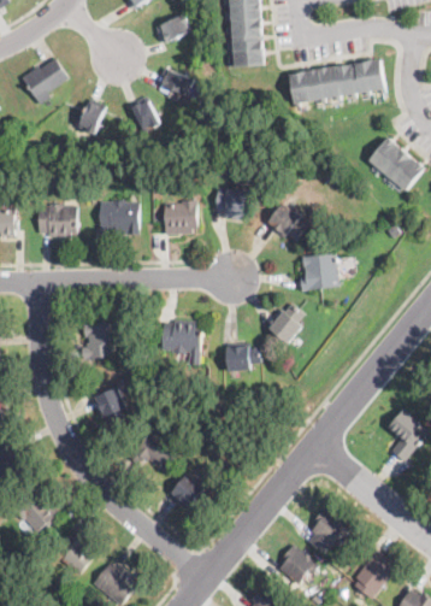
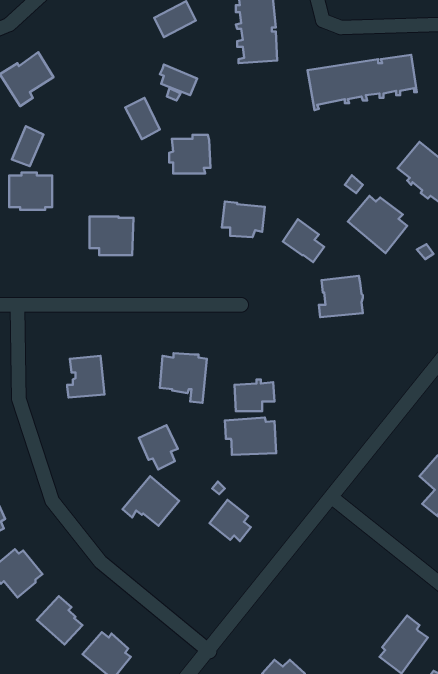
building: [77,100,105,135] -> [12,126,44,166]
building: none -> [348,196,407,253]
building: [160,200,196,234] -> [169,135,211,173]
building: [37,204,75,236] -> [9,173,52,210]
building: [268,304,303,343] -> none
building: none -> [225,417,276,455]
building: [91,388,125,426] -> [139,425,178,469]
building: [169,475,205,511] -> [209,500,251,541]
building: [306,507,350,555] -> none
building: [278,545,320,587] -> none

